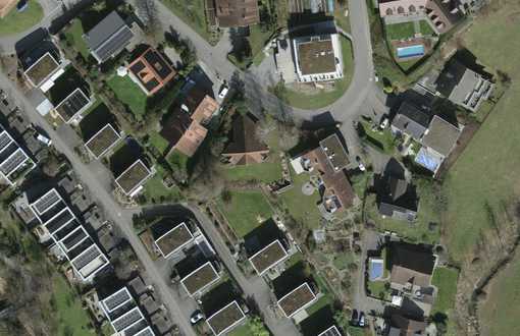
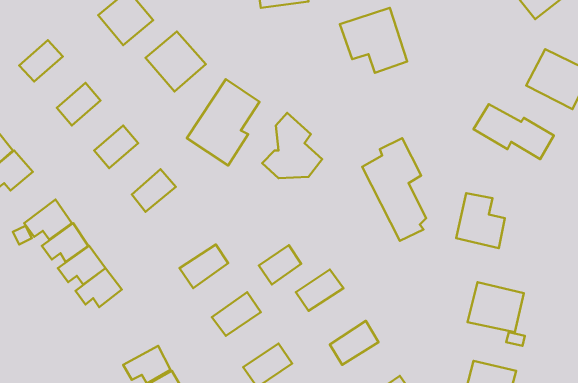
building: none -> [259,245,301,284]
building: [97,282,136,314] -> none

